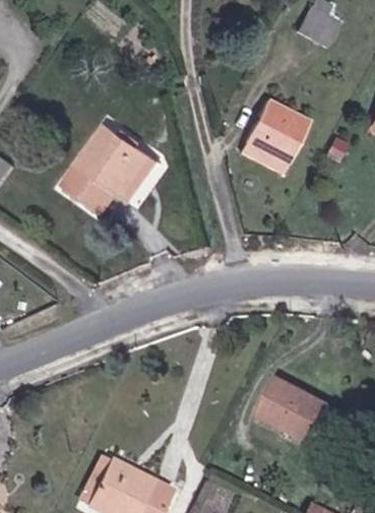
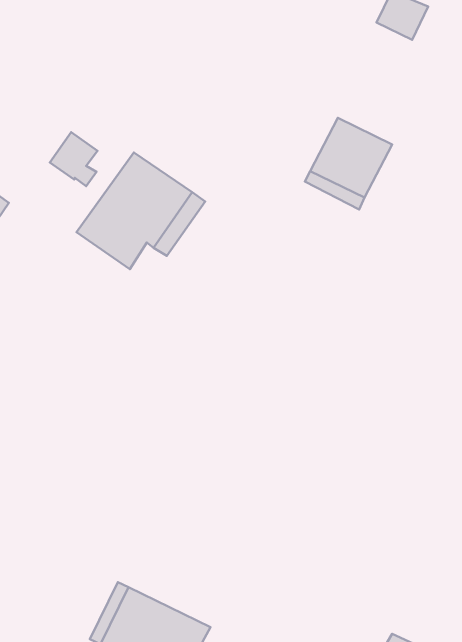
building: none -> [50,132,97,186]
building: [258,379,325,436] -> none

